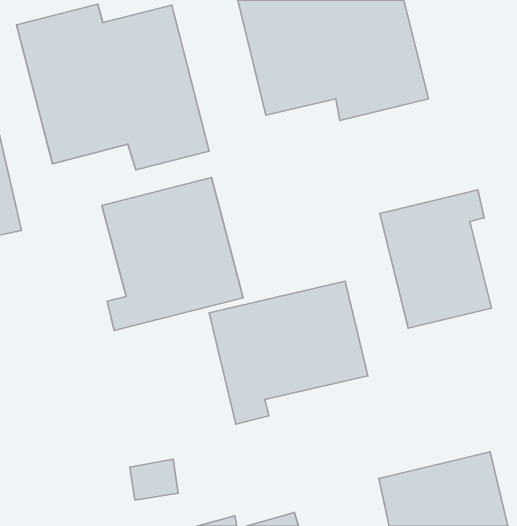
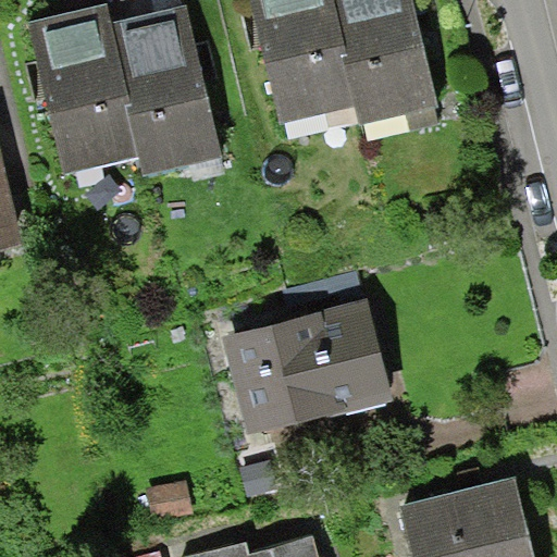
building: [102,178,243,331] -> none
building: [380,190,492,328] -> none

